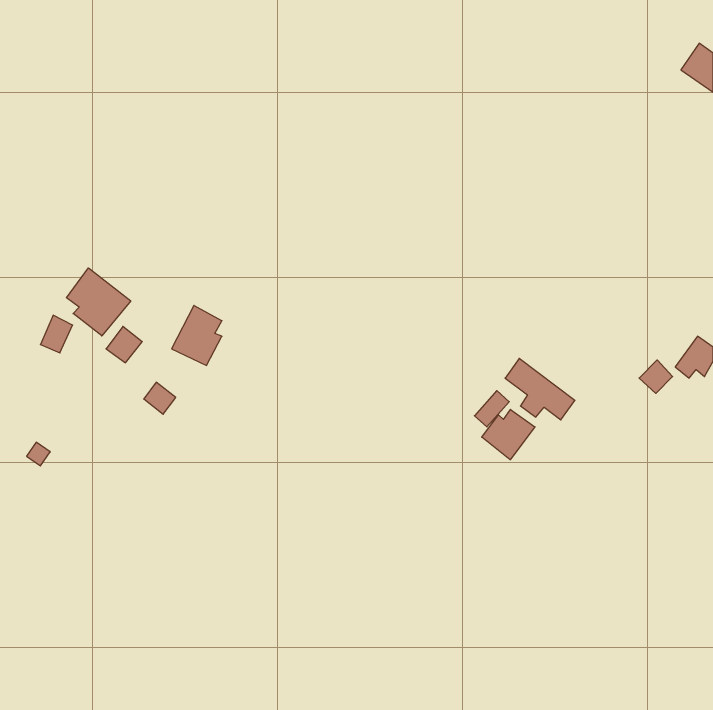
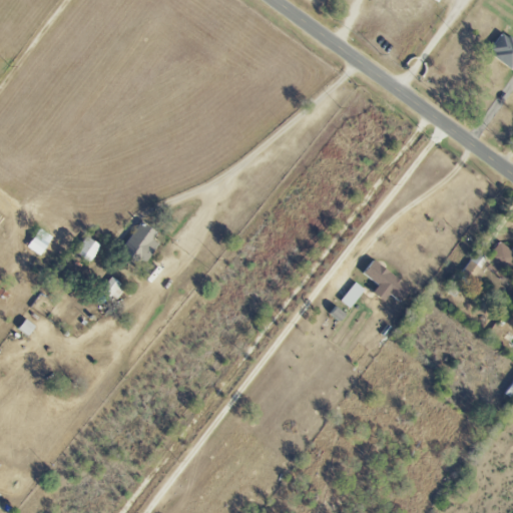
building: [66,268,131,336] -> none
building: [482,409,535,460] -> none

